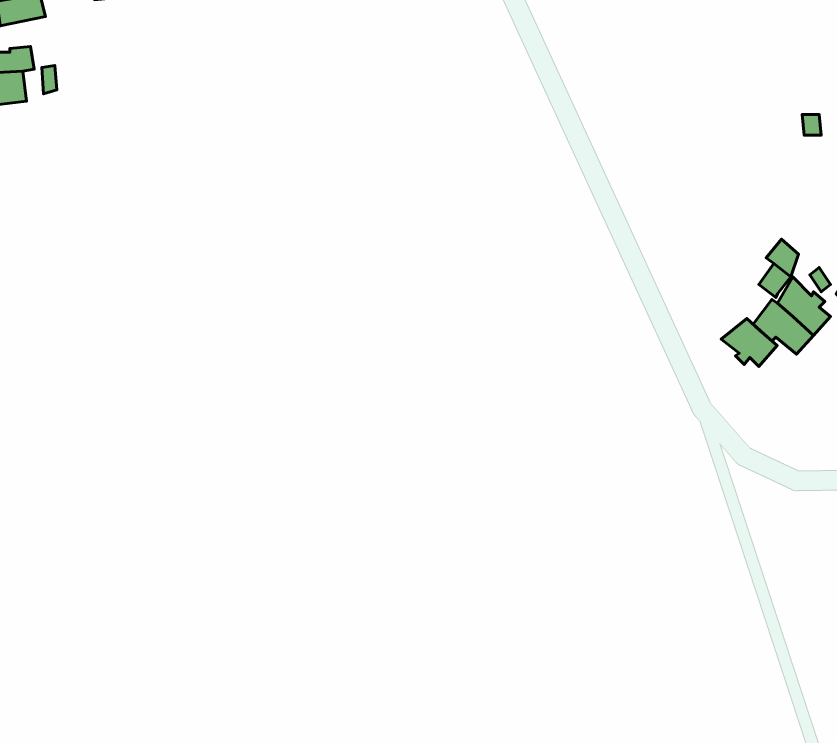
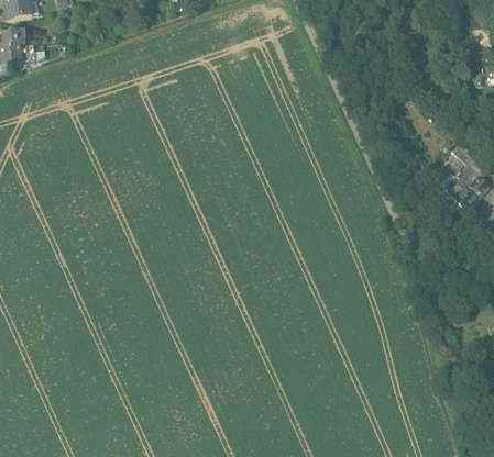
building: [721,319,777,366] -> none

